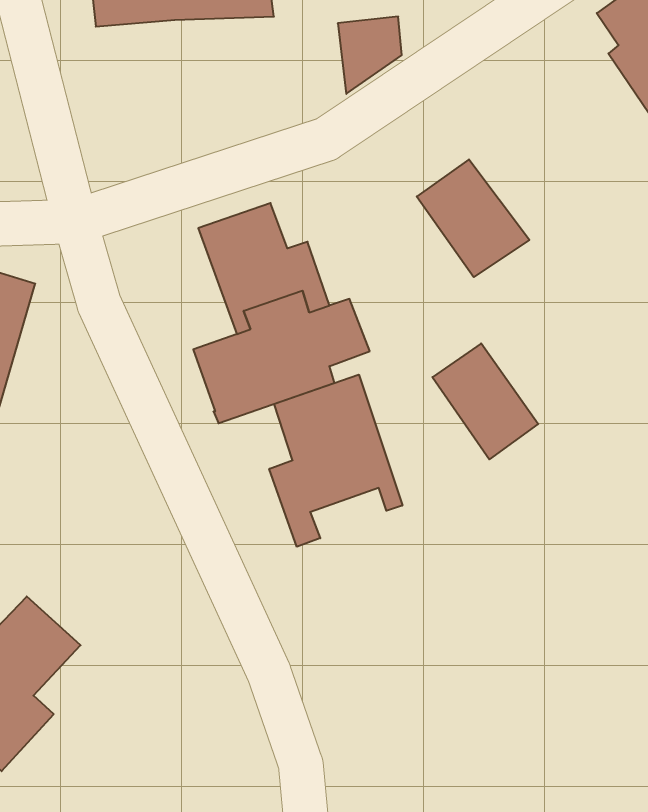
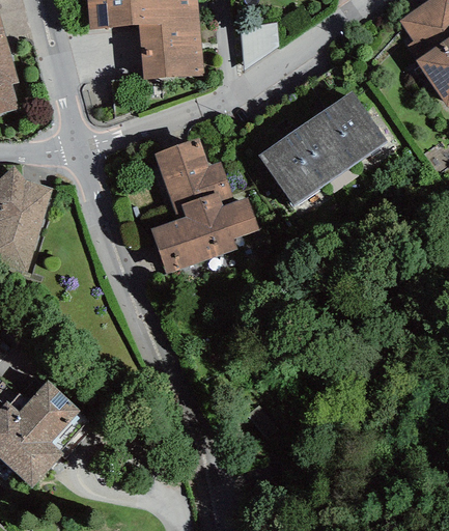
building: none -> [139,23,204,79]
building: none -> [320,88,389,161]
building: [432,343,538,459] -> [258,134,324,205]
building: [269,375,402,547] -> none

